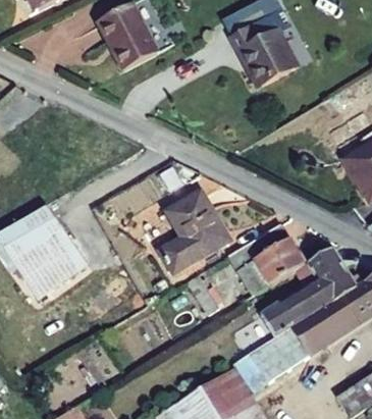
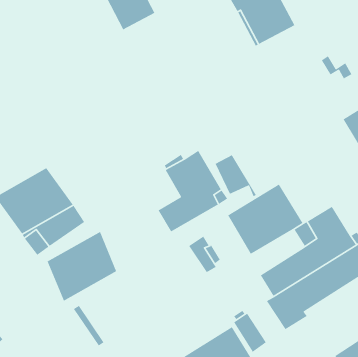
building: none -> [215,154,257,197]
building: none -> [47,231,117,302]
building: [250,341,287,382] -> none

